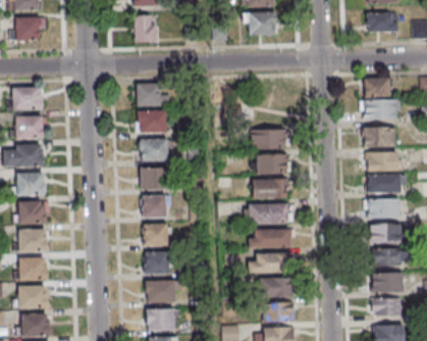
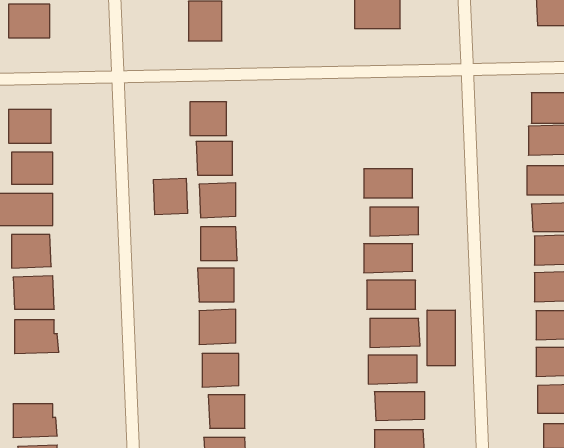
building: none -> [153,178,188,215]
building: none -> [427,310,455,366]
building: [18,257,48,280] -> none

